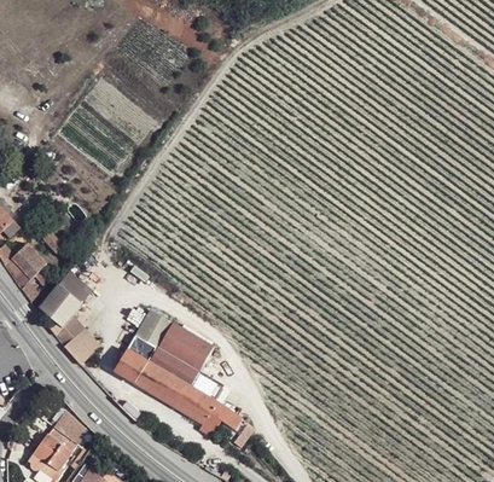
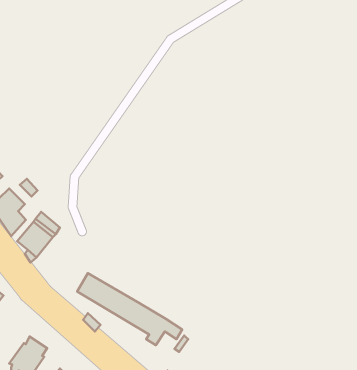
building: [126,309,213,385] -> none
building: [64,329,100,364] -> none
building: [53,410,87,441] -> none

